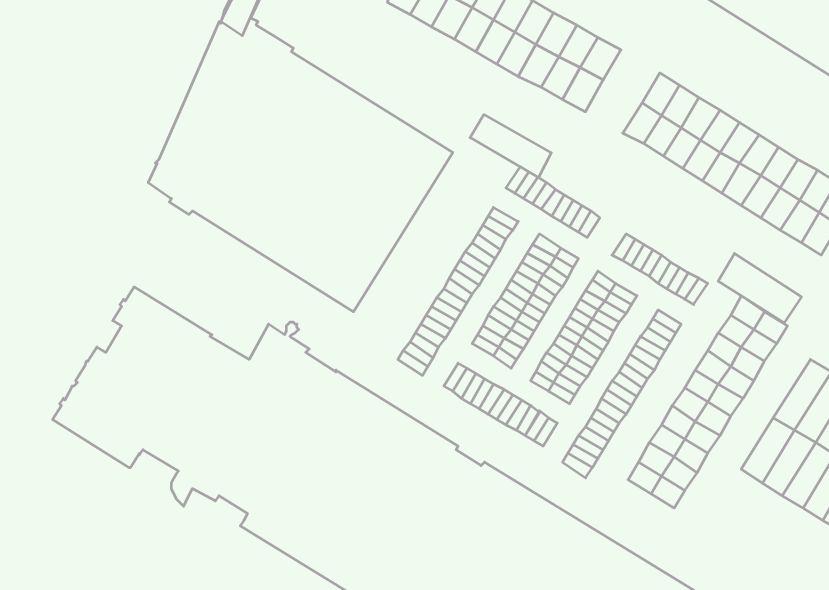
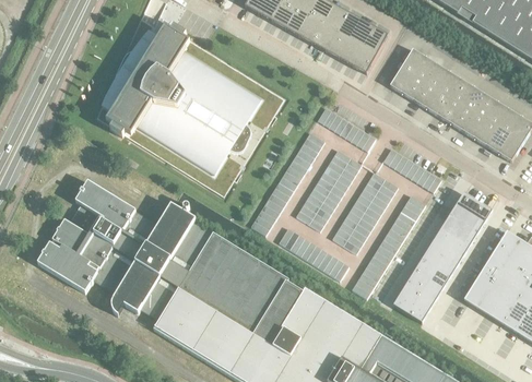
building: [470,115,551,177] -> none
building: [718,253,801,323] -> none

